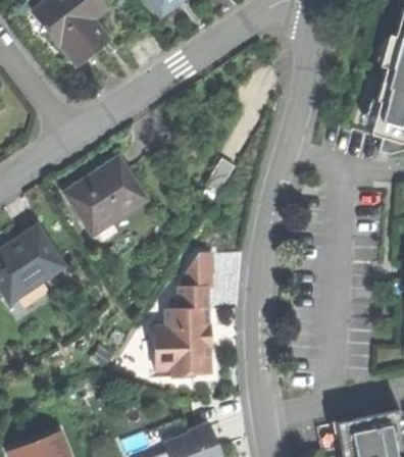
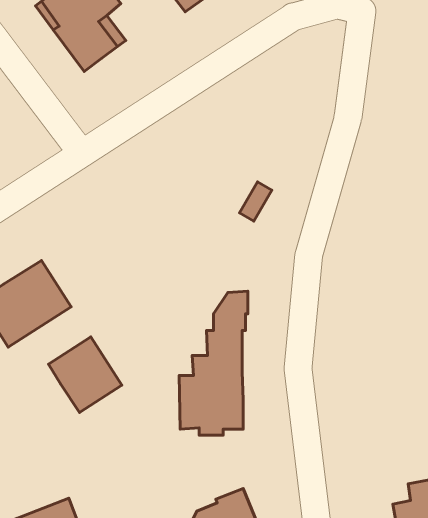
building: [62,156,146,236] -> none
building: none -> [49,337,122,412]

